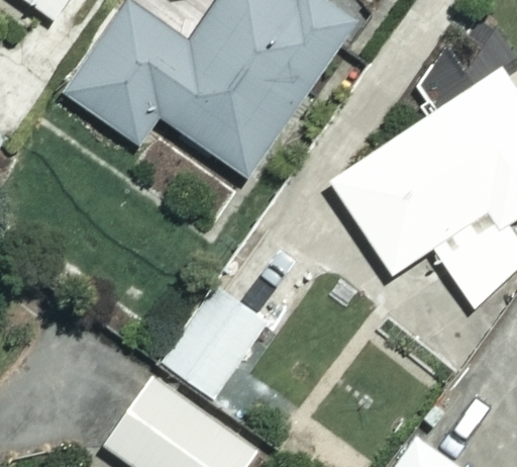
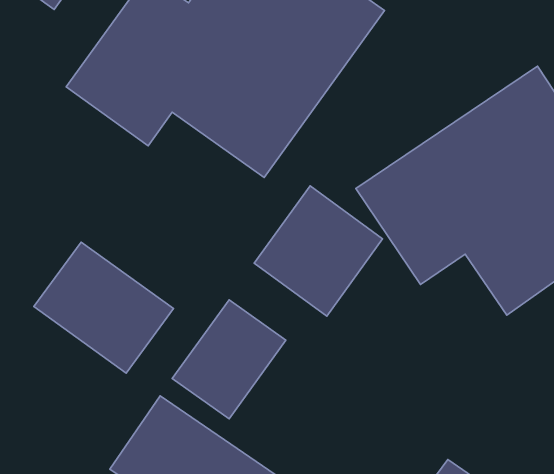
building: none -> [254,186,383,316]
building: none -> [34,242,173,373]

